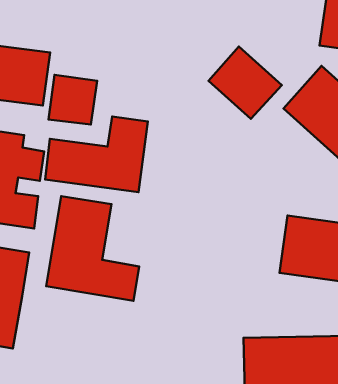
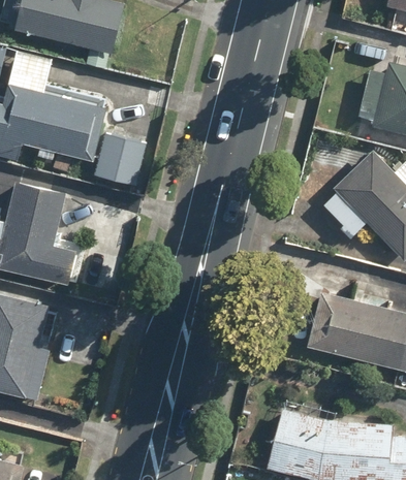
building: [209,46,282,119] -> none
building: [45,117,148,192] -> none
building: [46,196,139,301] -> none

